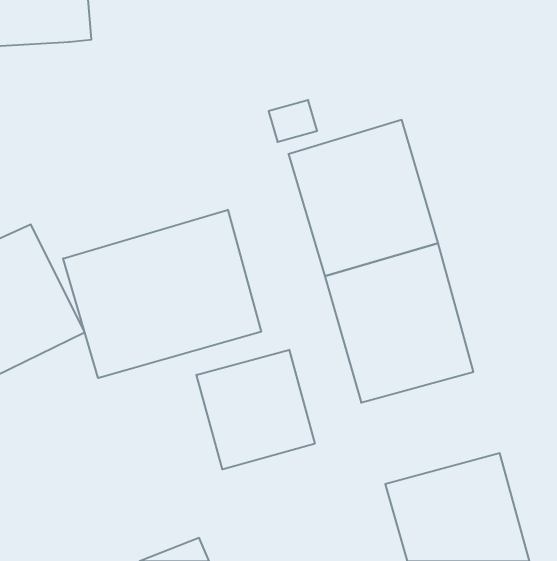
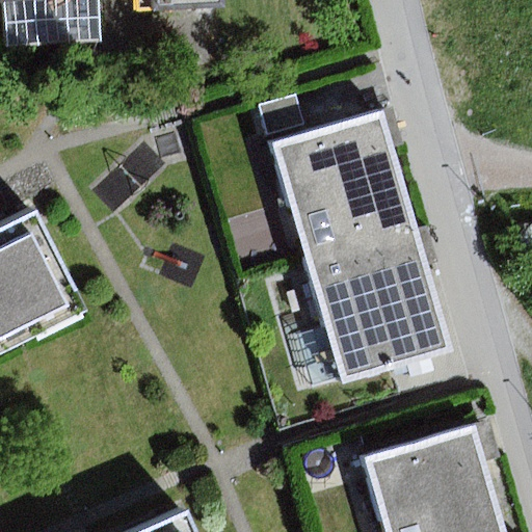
building: [63,210,261,378] -> none
building: [196,350,315,469] -> none

